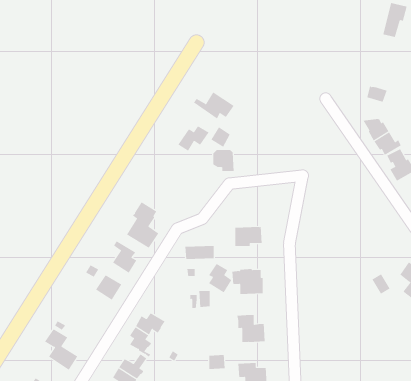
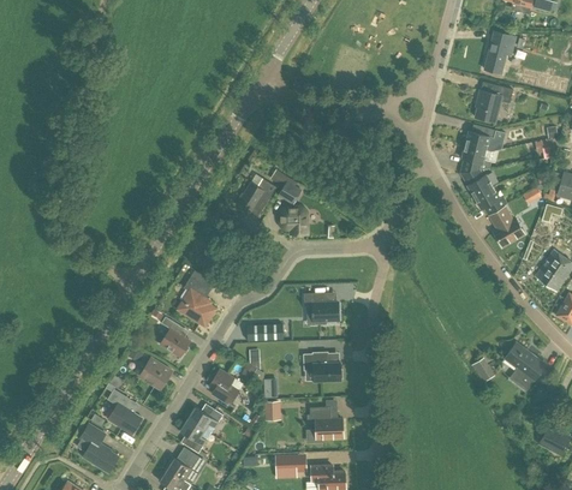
building: none -> [475,84,513,122]
building: [193,92,234,119] -> none
building: none -> [460,145,491,173]
building: [208,263,232,293] -> [210,370,239,406]
building: none -> [107,389,143,435]

